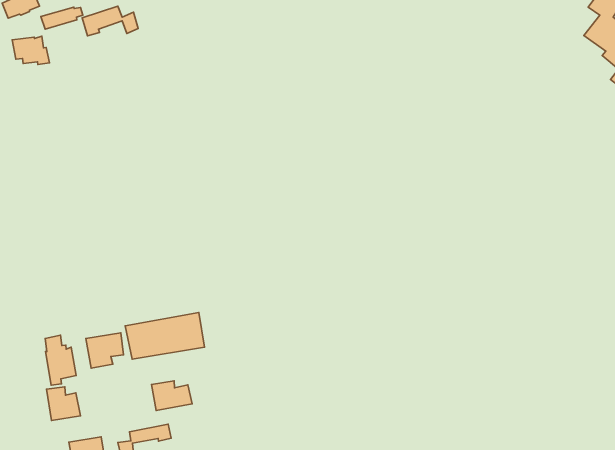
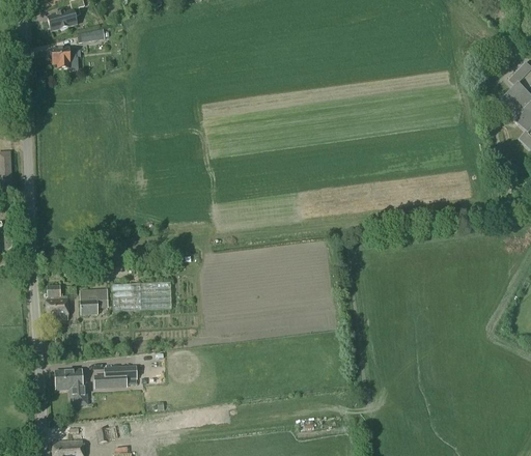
building: [82,6,138,36] -> none
building: [152,381,192,411] -> none
building: [47,387,81,421] -> none

